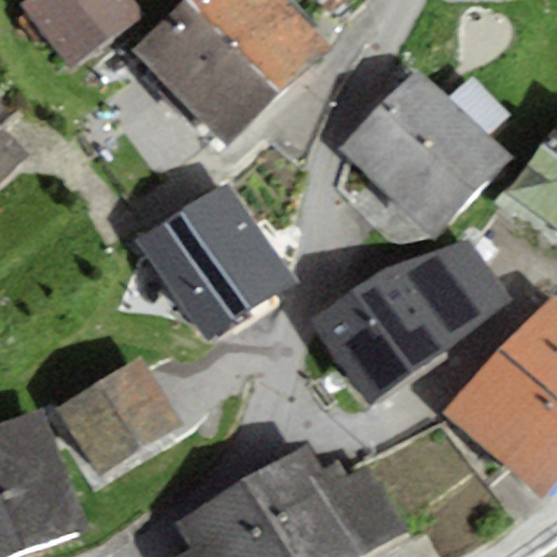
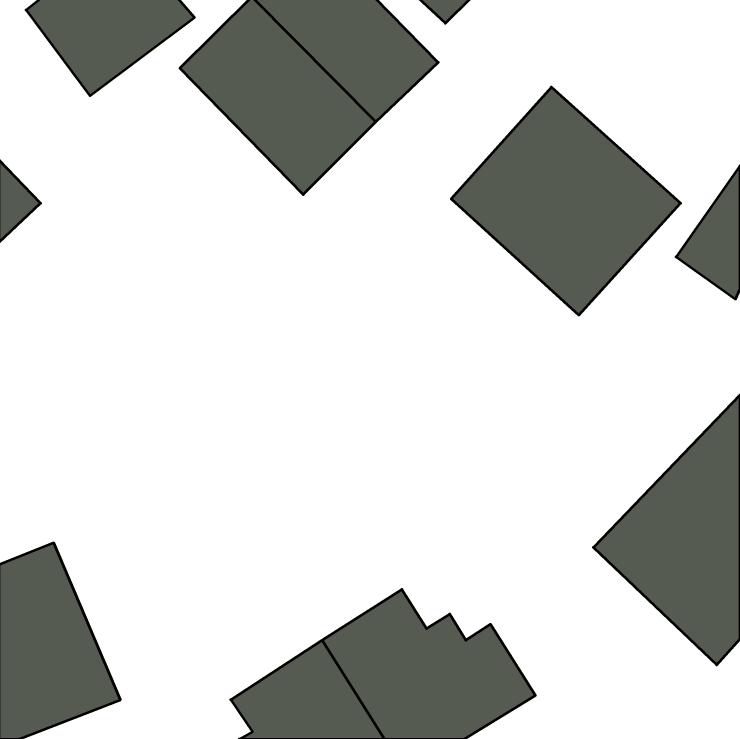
building: [138,183,295,343] -> none
building: [310,239,512,405] -> none
building: [53,356,181,476] -> none

